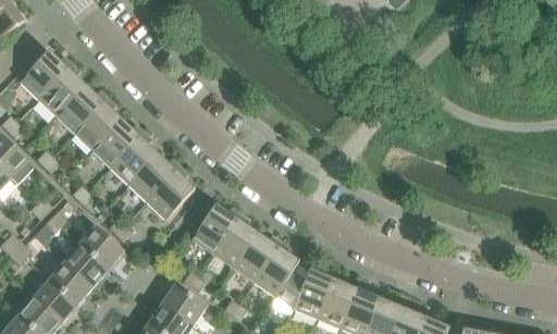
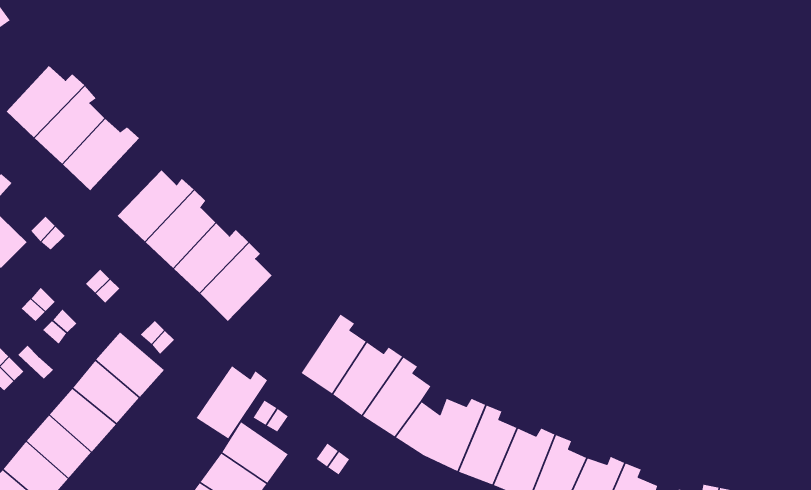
building: [74,99,121,150] -> none
building: [190,205,238,253] -> [195,365,268,440]

